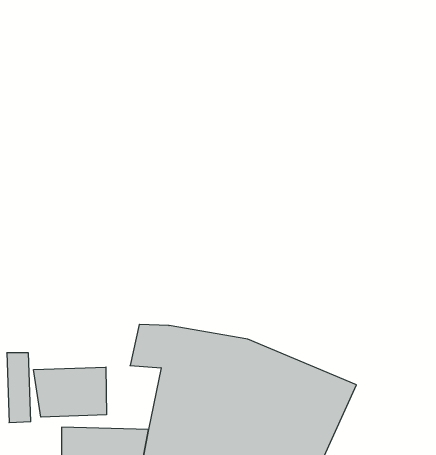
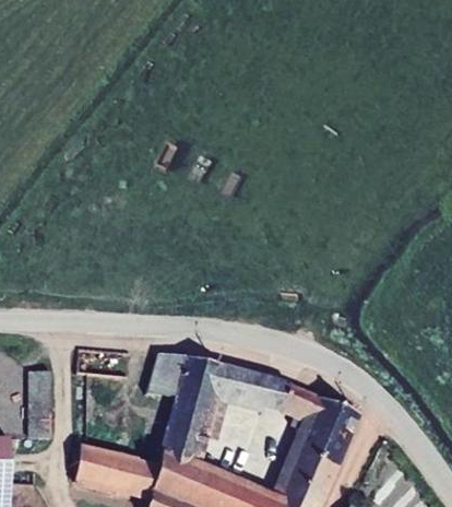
building: [34,367,106,417] -> none

